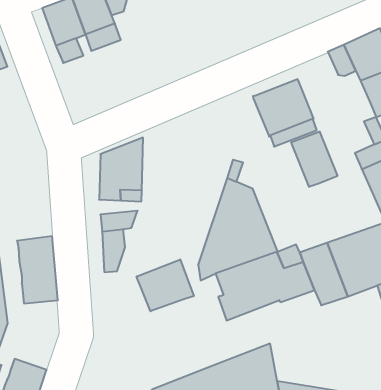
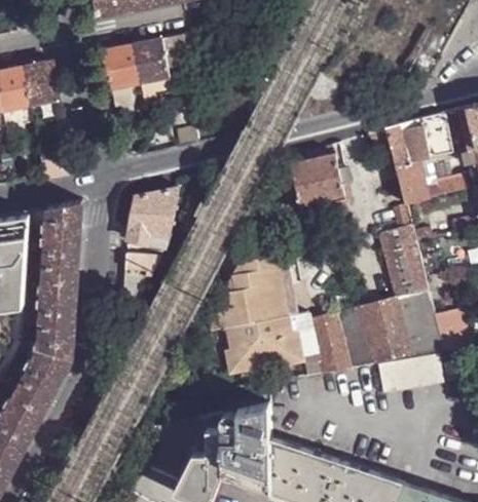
building: [291,132,337,187] -> none
building: none -> [44,199,81,267]
building: [137,259,194,311] -> none
building: none -> [24,326,74,393]

